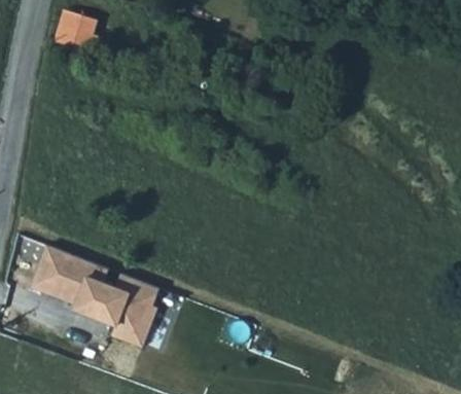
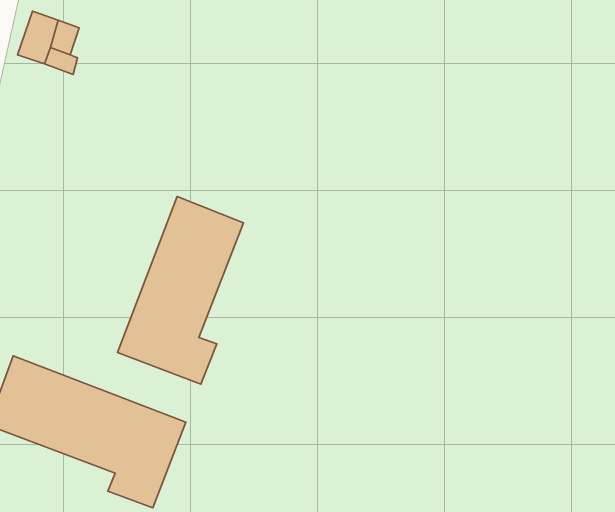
building: none -> [117,196,244,384]

